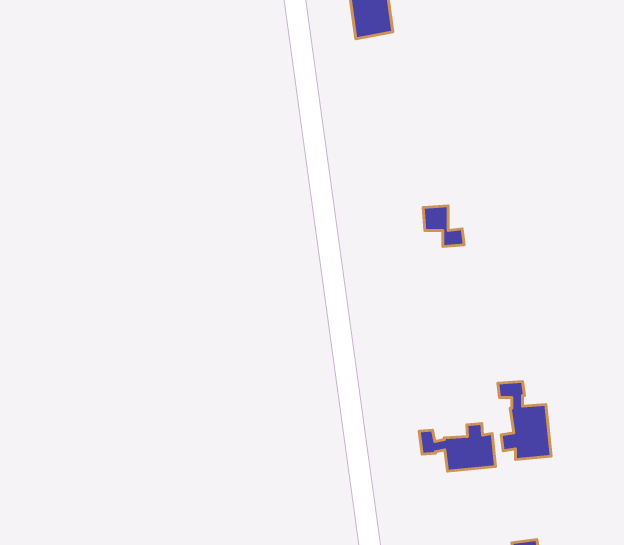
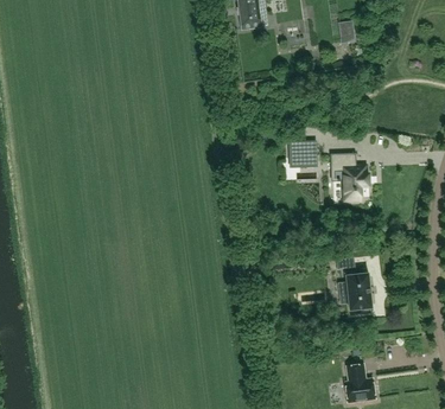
building: none -> [330,154,368,203]
building: [419,424,496,471] -> none

